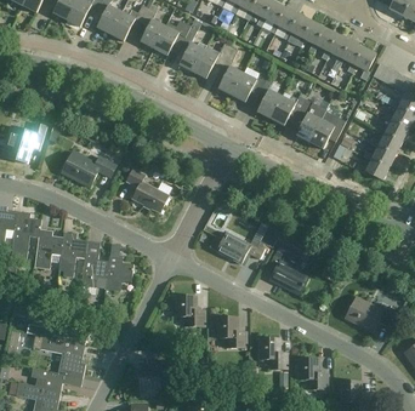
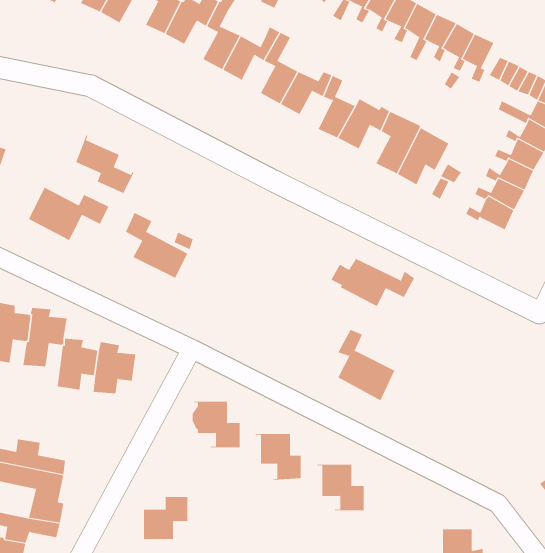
building: none -> [75,135,134,194]
building: [209,232,266,264] -> [330,258,415,307]
building: [343,296,399,331] -> none
building: [297,358,326,389] -> none

